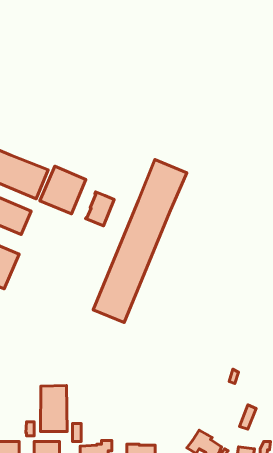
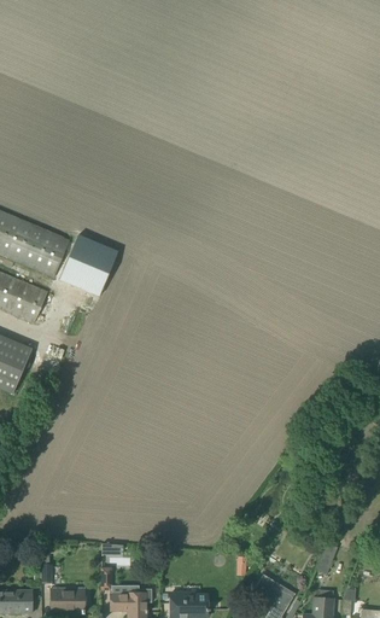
building: [93,160,187,322] -> none
building: [86,192,114,226] -> none
building: [41,386,67,432] -> none

